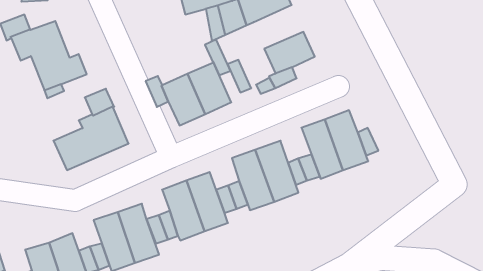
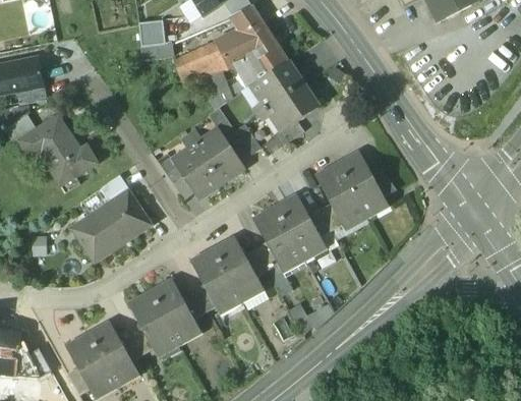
building: none -> [252,60,303,108]

